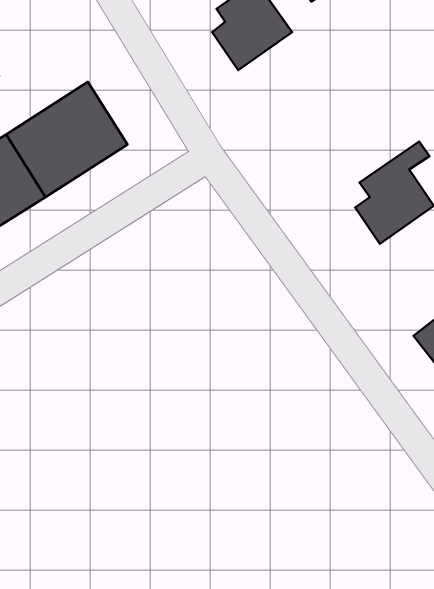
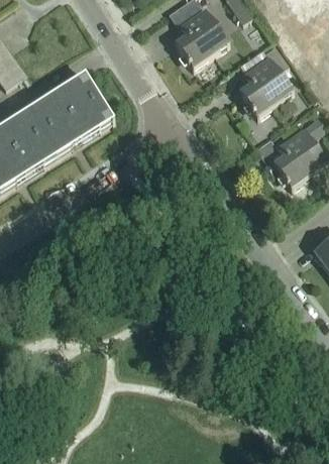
building: none -> [237,44,293,117]

